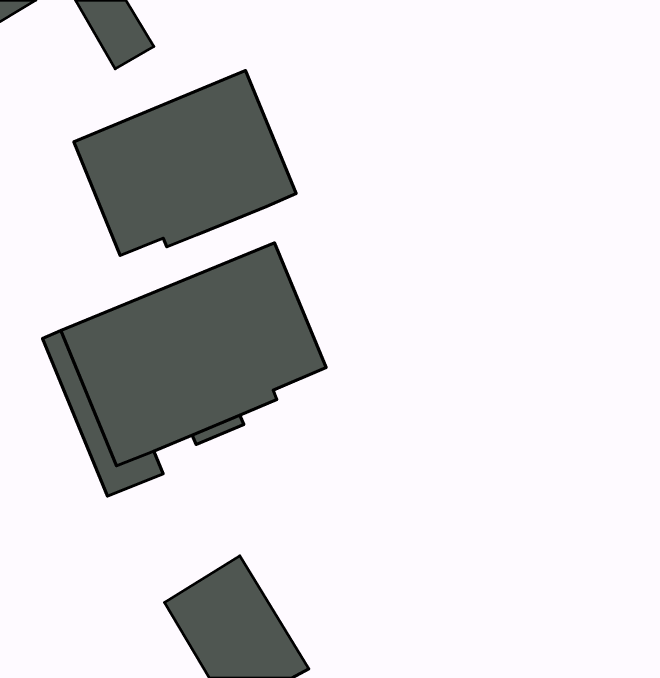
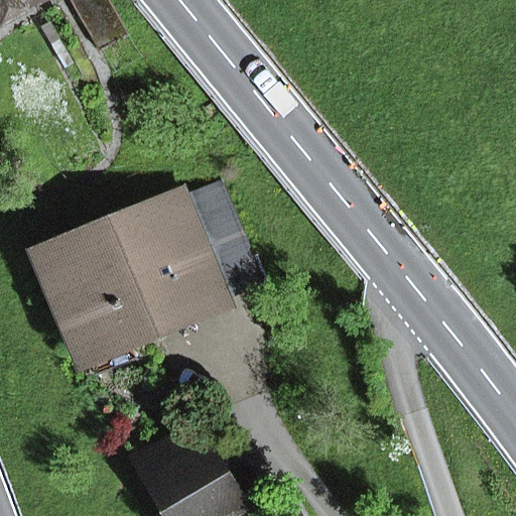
building: [74,71,296,255] -> none

